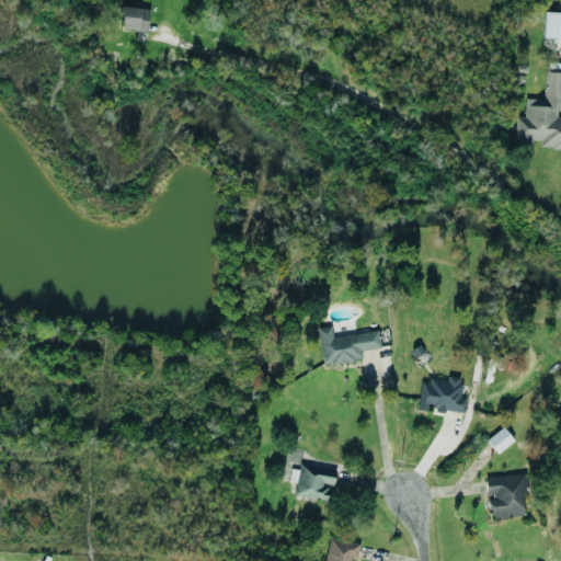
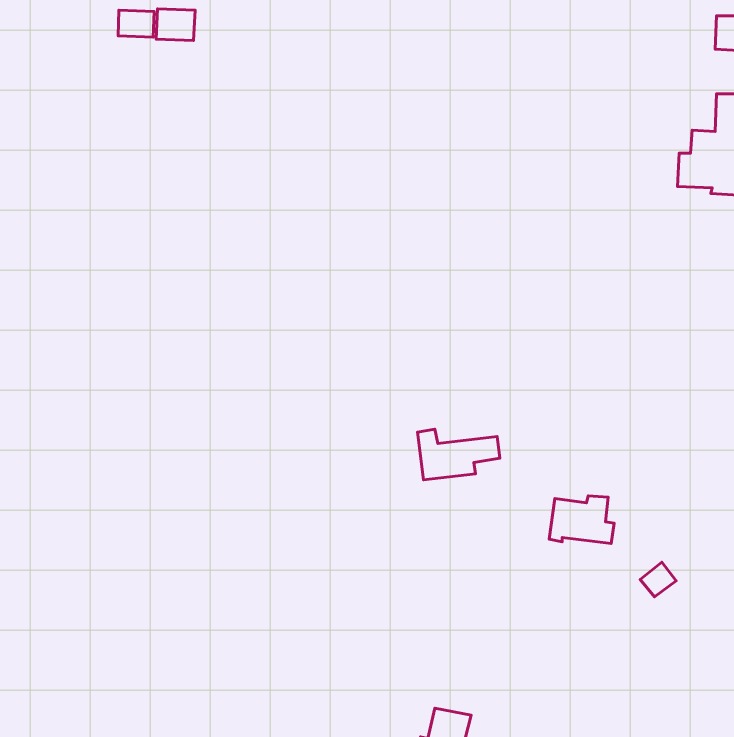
building: none -> [118,10,154,37]
building: [290,465,339,502] -> none
building: [488,474,529,519] -> none

